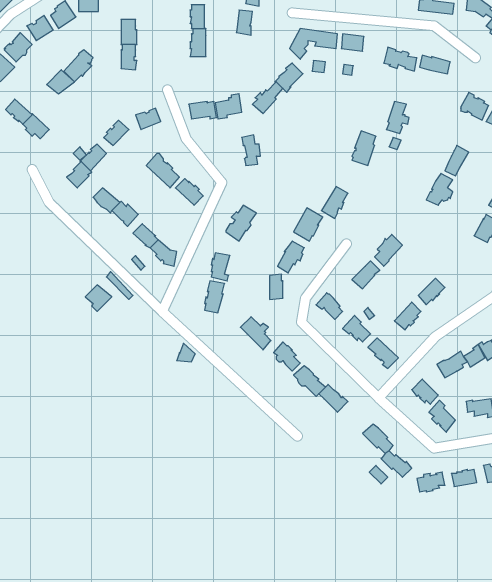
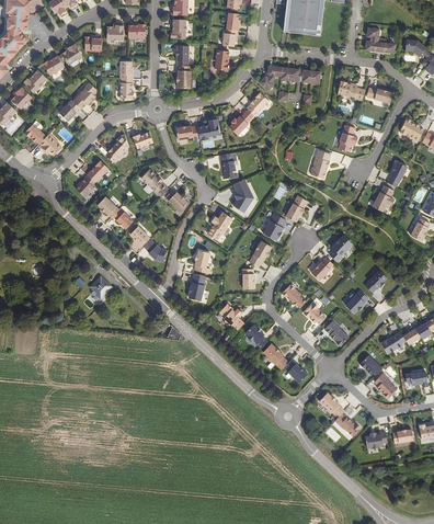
building: none -> [232,176,254,212]

